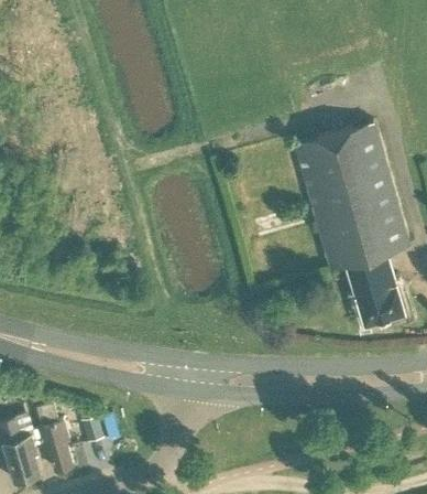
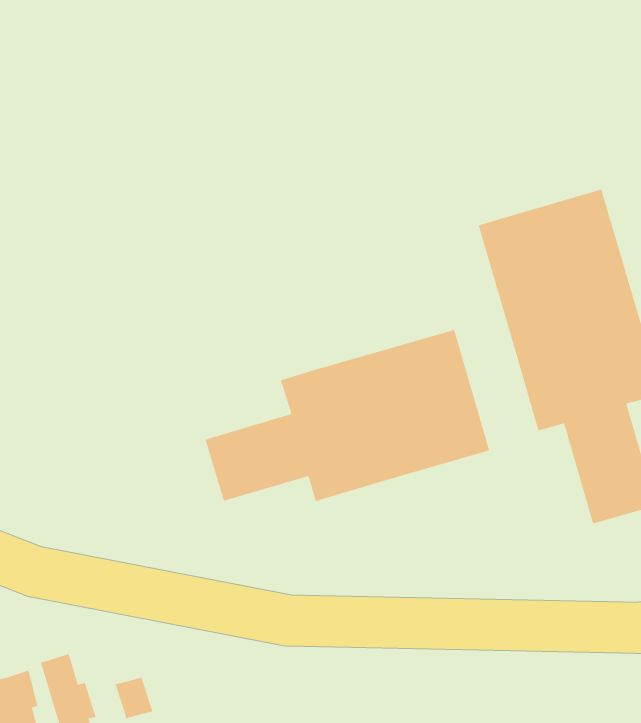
building: none -> [205,329,490,502]

